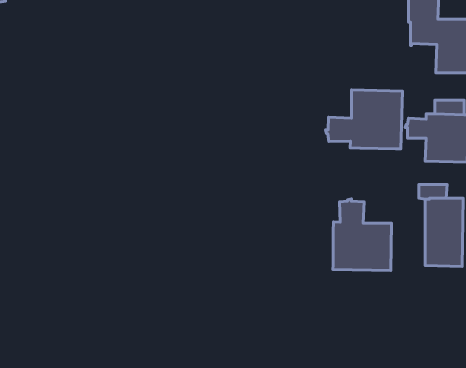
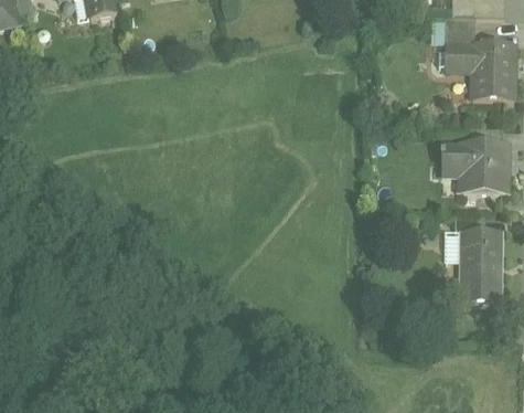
building: [325,90,403,149] -> none
building: [333,199,392,271] -> none

